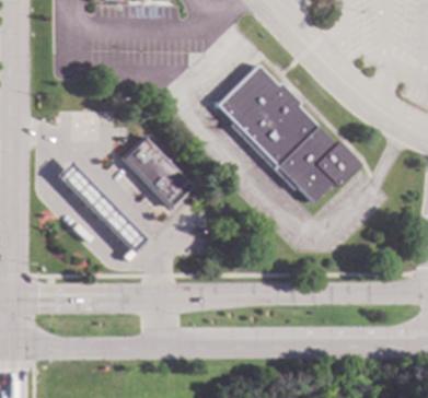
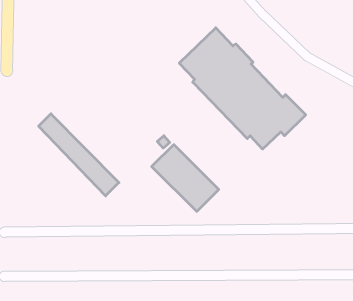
building: [120,134,197,211] -> [152,145,219,211]

